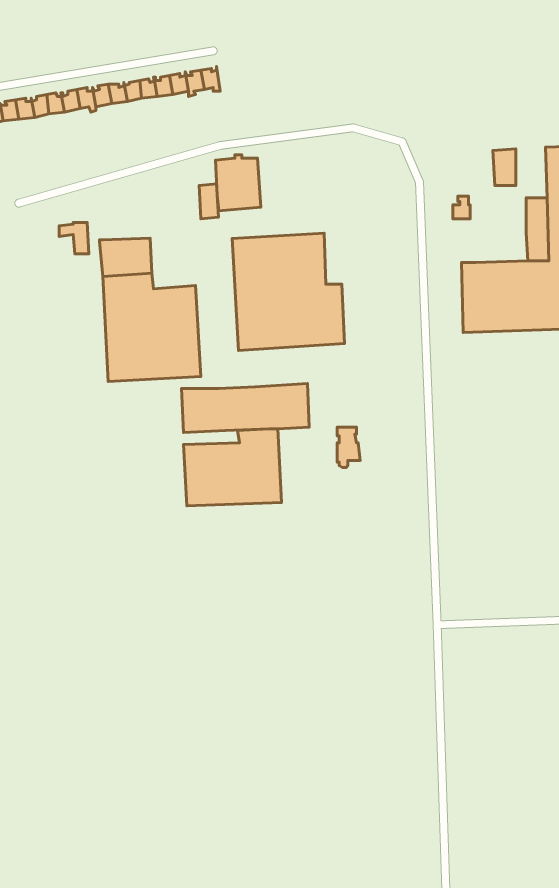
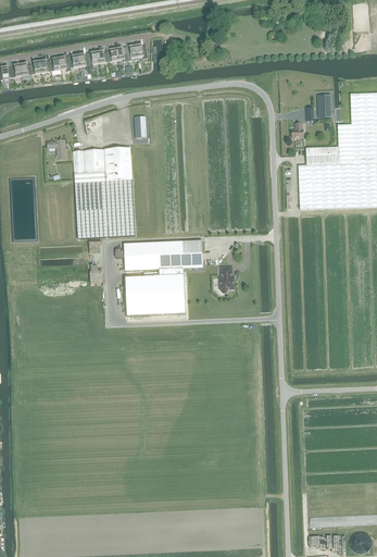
building: [215,155,261,211] -> [104,146,133,181]
building: none -> [305,146,339,164]
building: [232,233,344,350] -> none

